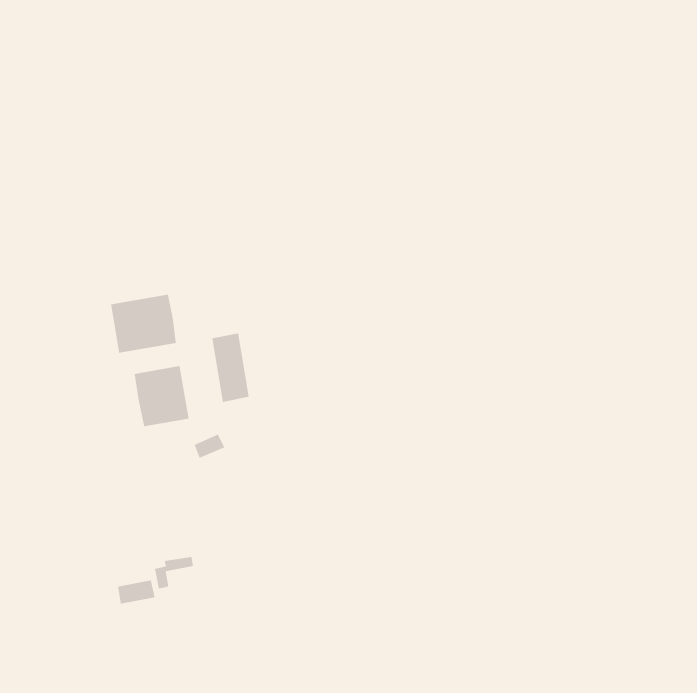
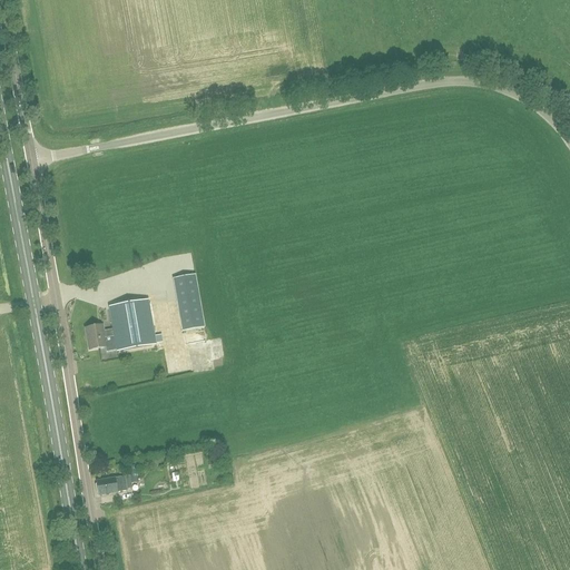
building: [110,294,177,354] -> none
building: none -> [85,322,117,348]

